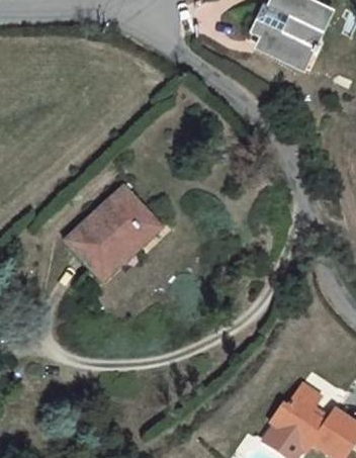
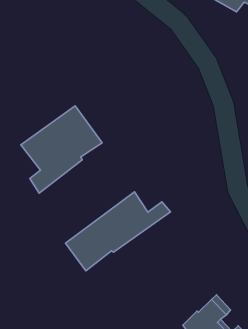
building: none -> [65,192,170,271]

